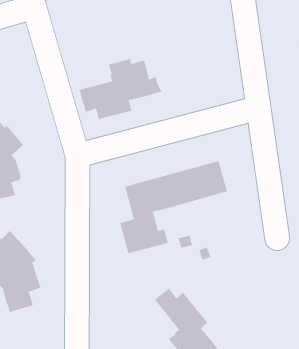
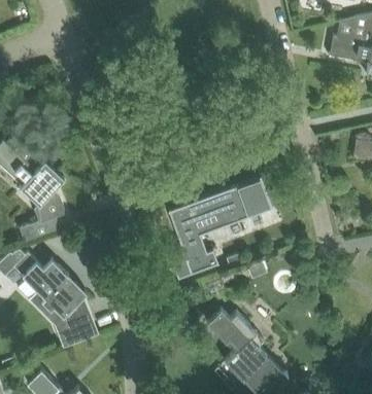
building: [79,58,166,120] -> none

